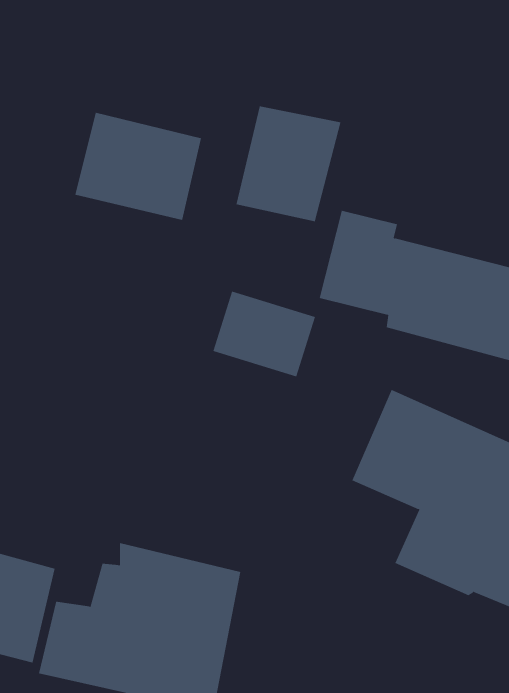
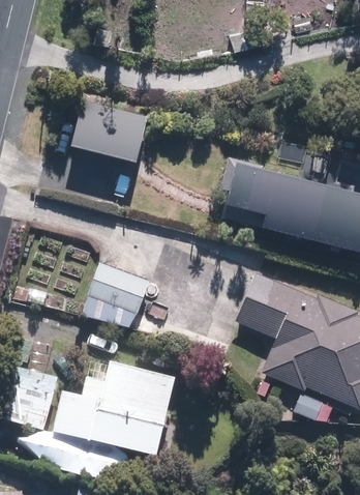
building: [236,105,341,222] -> none
building: [212,291,316,377] -> [87,261,149,313]

